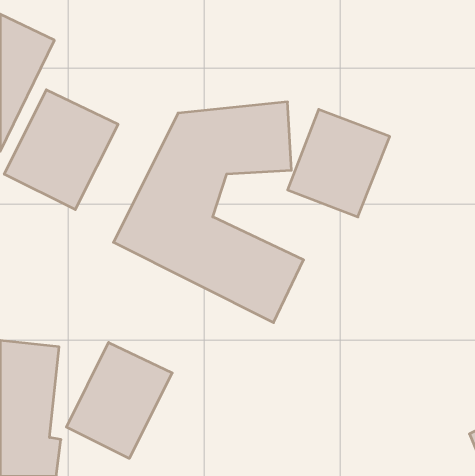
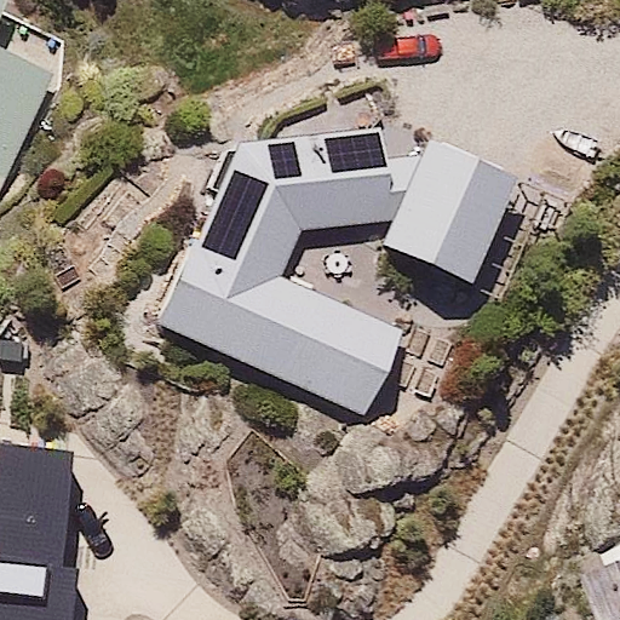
building: [4,90,118,210] -> none
building: [66,342,172,458] -> none

